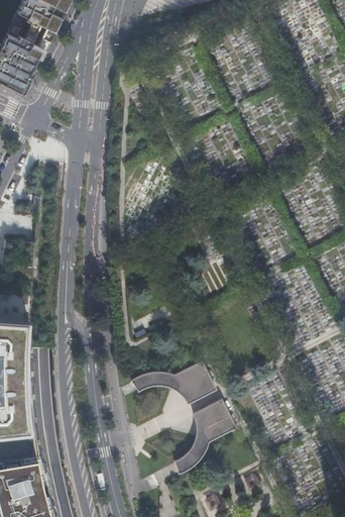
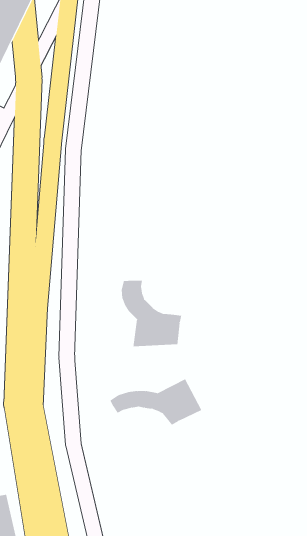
building: none -> [121,280,182,347]
building: [175,400,236,475] -> none

